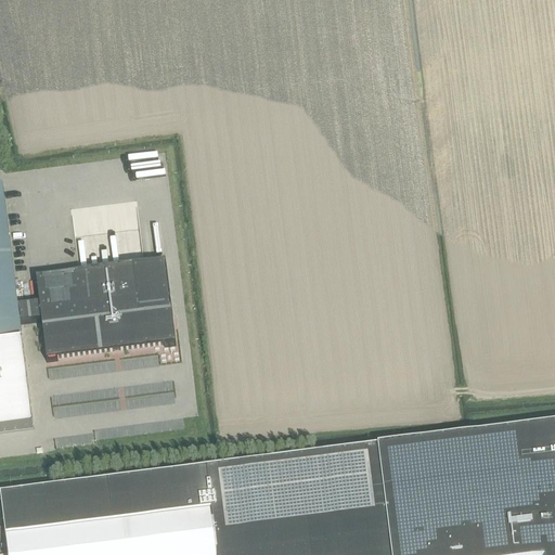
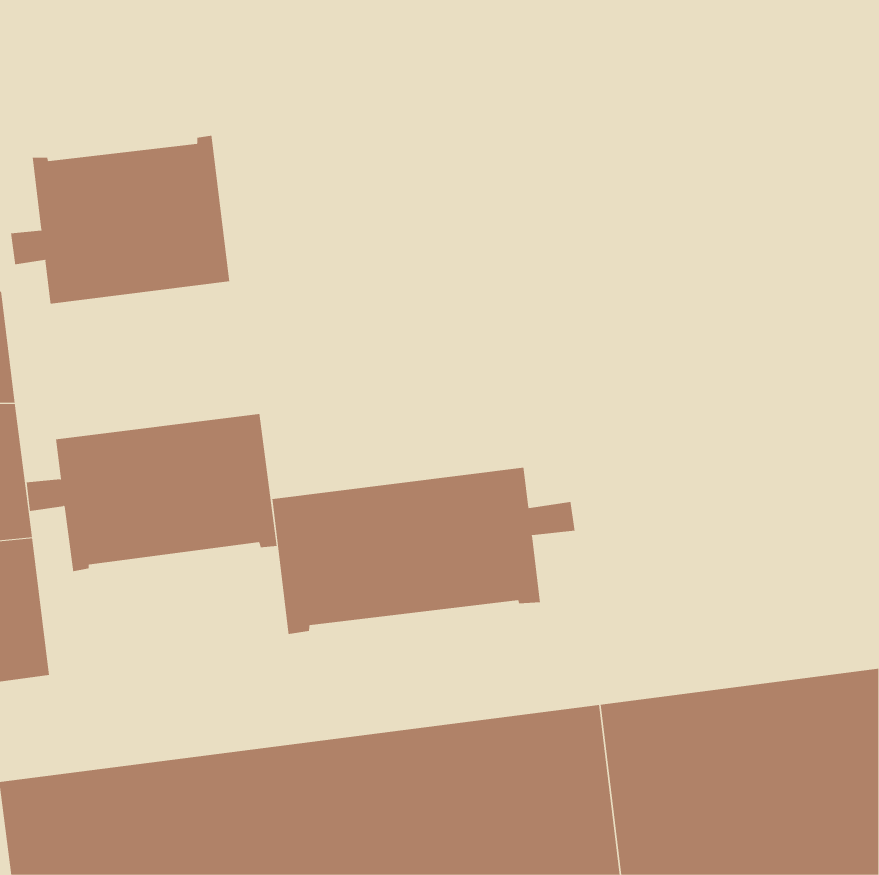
building: none -> [11,135,230,304]
building: none -> [272,467,575,635]

